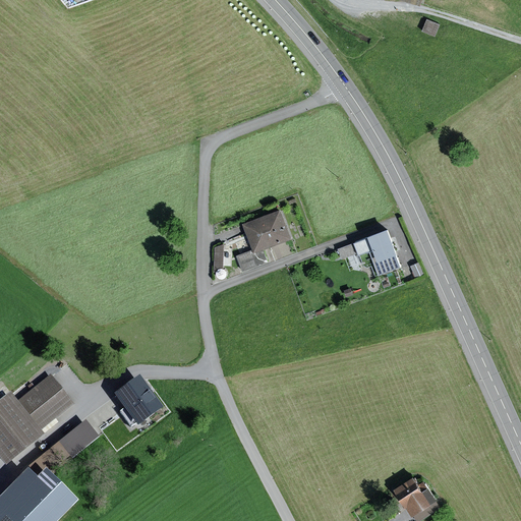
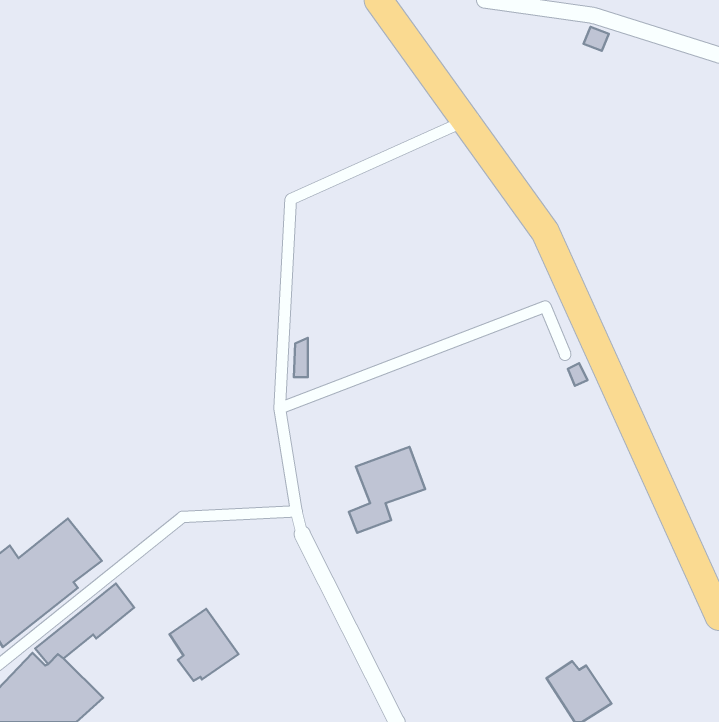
building: [236,209,291,271] -> [349,447,425,533]
building: [353,227,400,276] -> none
building: [111,375,161,427] -> [169,609,239,681]

